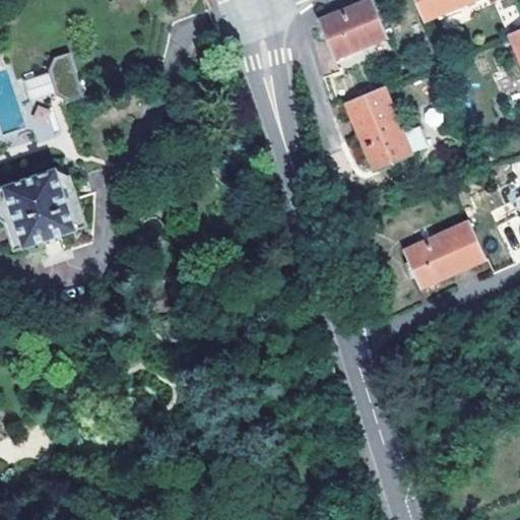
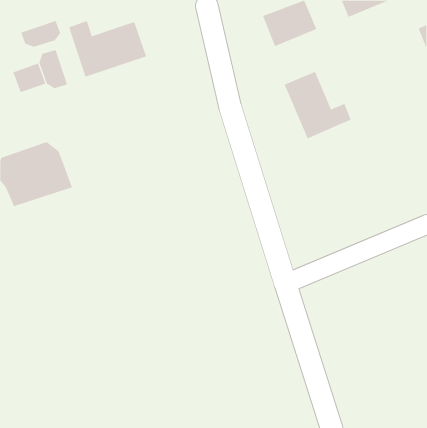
building: none -> [69,20,147,77]
building: none -> [21,20,61,47]
building: [403,216,484,282] -> none

